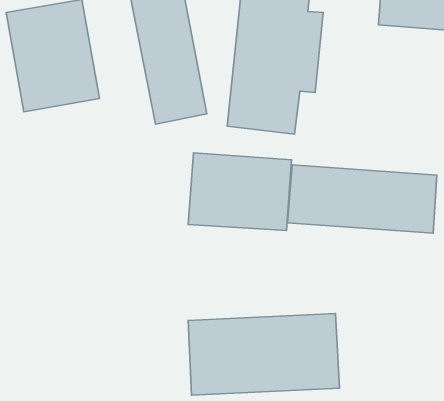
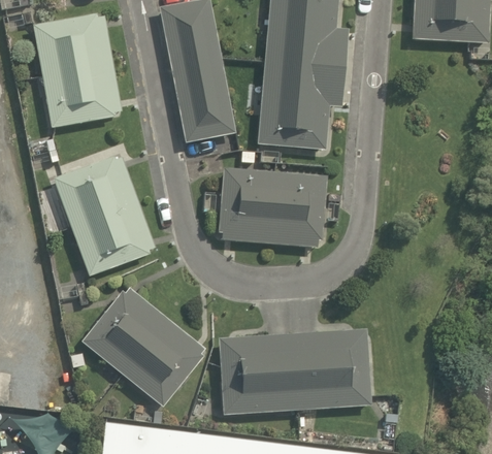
building: none -> [55,153,159,275]
building: [287,165,437,233] -> none
building: none -> [79,285,203,403]

